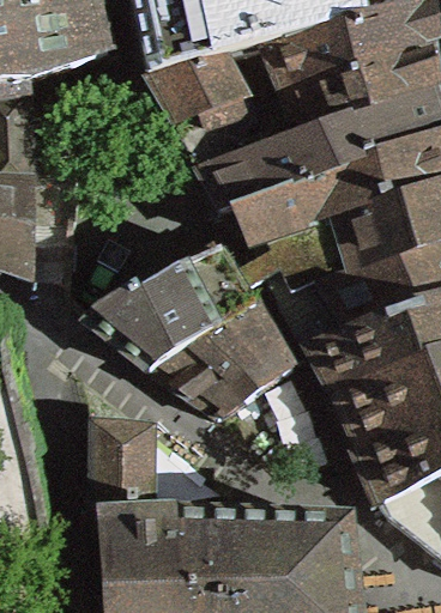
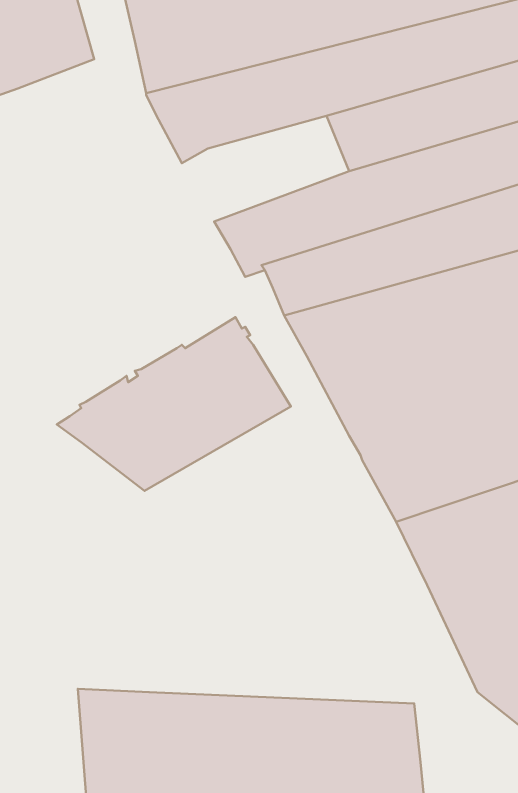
building: [180,92,303,170] -> none
building: [152,305,298,419] -> none
building: [99,424,157,517] -> none

